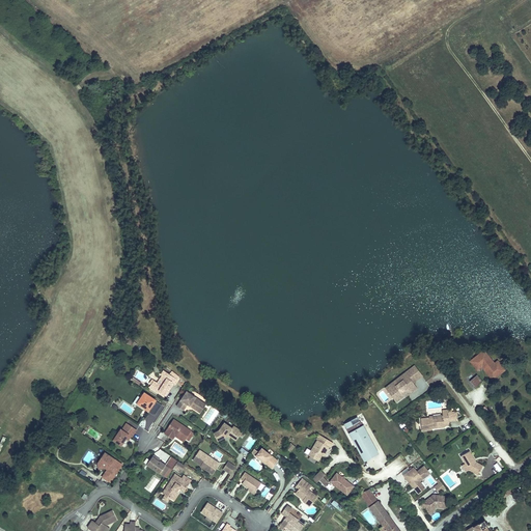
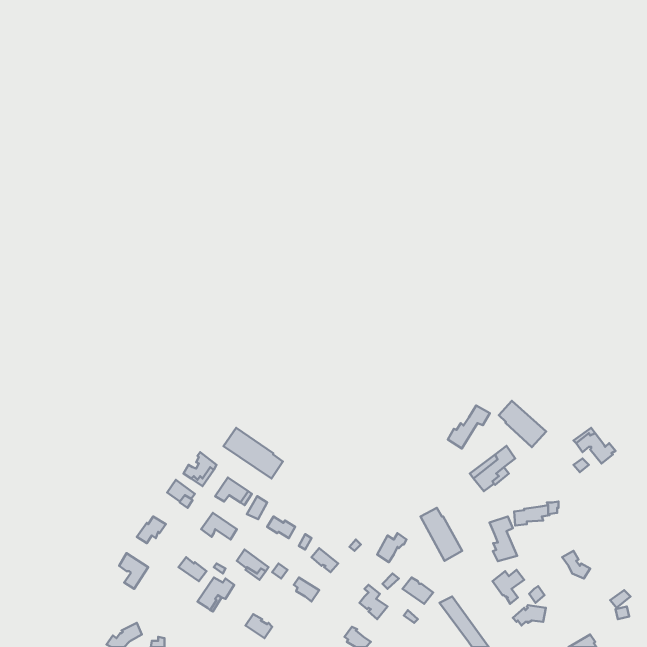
building: none -> [499,401,546,447]
building: none -> [448,405,490,449]
building: none -> [223,428,283,478]
building: none -> [489,517,517,561]

